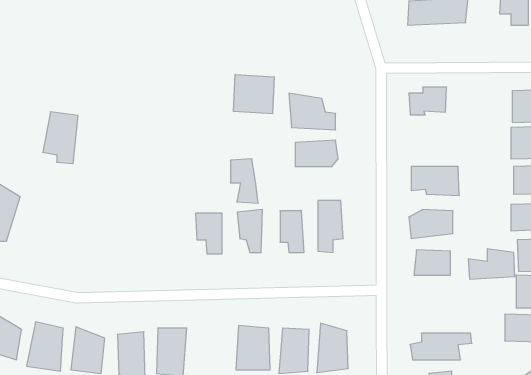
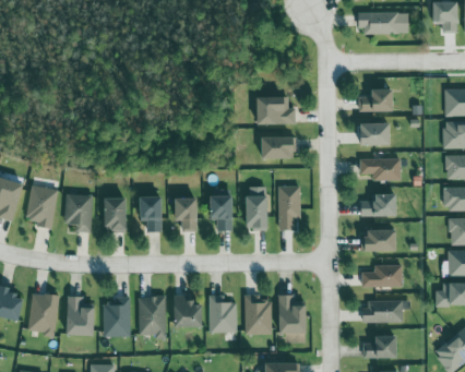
building: [234,74,274,114] -> none
building: [43,112,78,164] -> [25,183,56,228]
building: none -> [357,121,388,144]
building: [230,159,258,203] -> [139,195,163,233]
building: none -> [63,191,93,232]
building: none -> [104,196,126,228]
building: [468,249,515,279] -> [360,261,401,287]
building: none -> [171,293,202,326]

